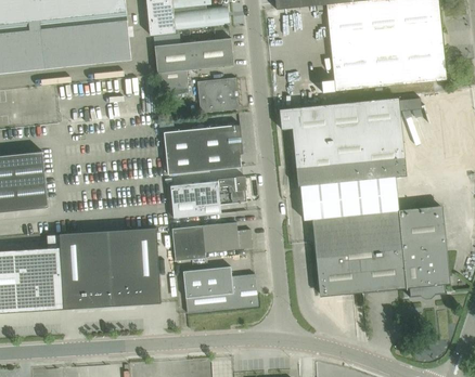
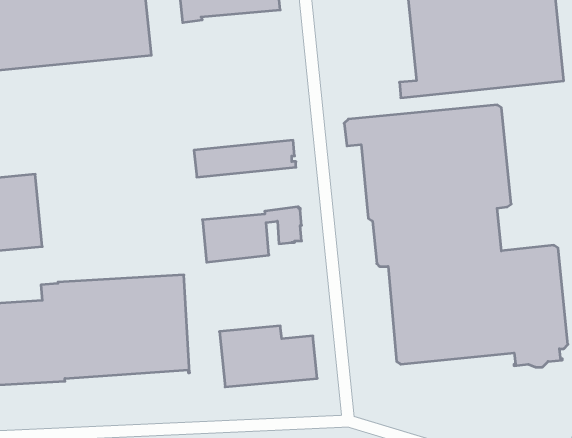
building: [154,38,233,95] -> none
building: [198,78,239,112] -> none
building: [166,145,243,174] -> none
building: [171,222,253,261] -> none

